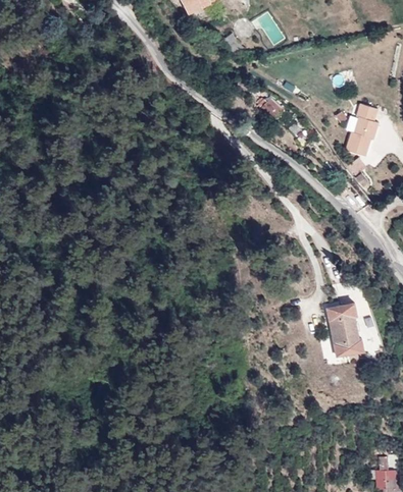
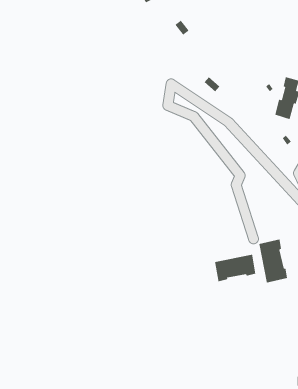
building: none -> [215,254,256,282]

